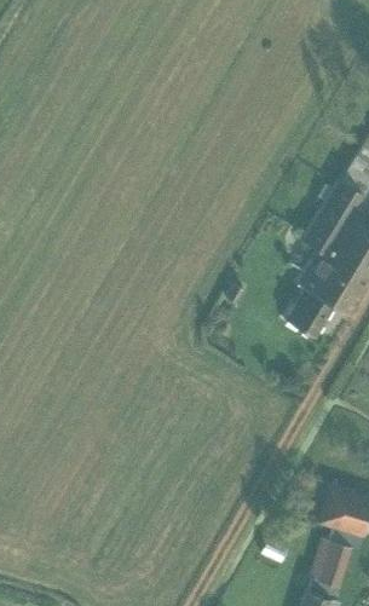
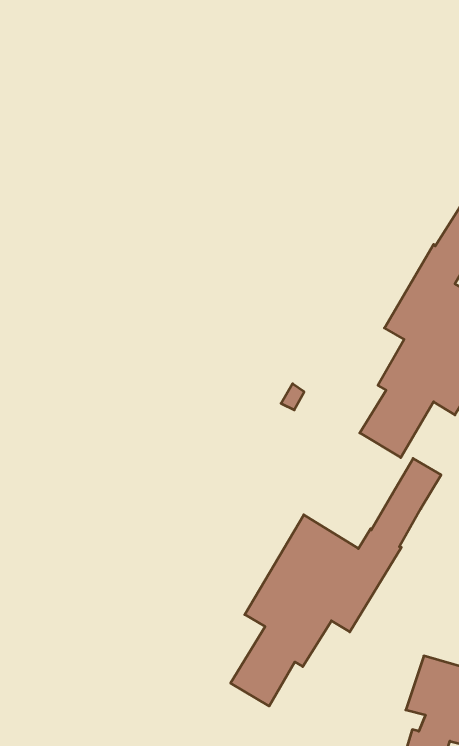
building: none -> [231,458,441,706]

